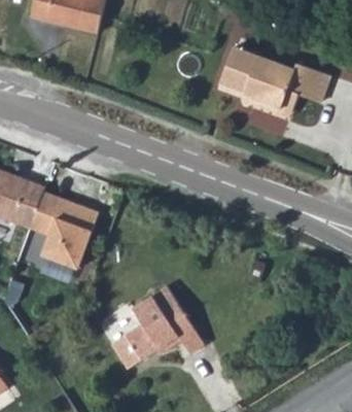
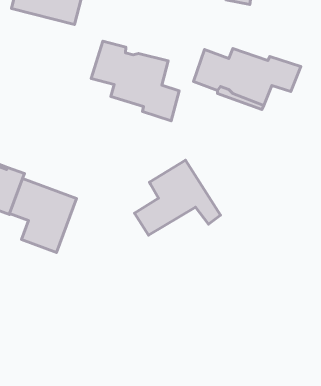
building: none -> [91,41,179,121]
building: [114,283,203,360] -> [135,160,221,235]

